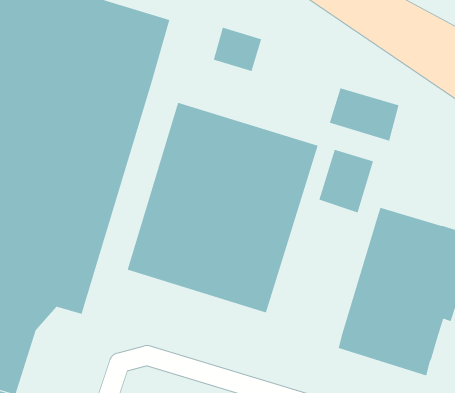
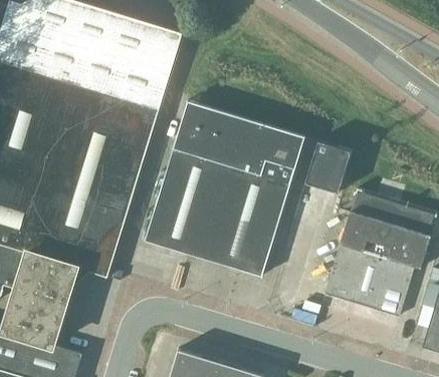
building: [213,27,262,72] -> none
building: [329,87,399,141] -> none

